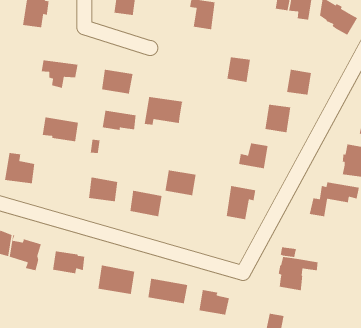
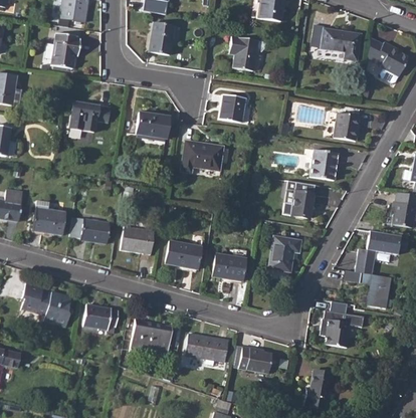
building: [226,56,251,83] -> [219,94,245,123]
building: [102,110,137,131] -> none
building: [42,117,79,142] -> [70,216,110,243]
building: [164,170,197,196] -> [212,253,246,281]
building: none -> [347,270,391,307]

